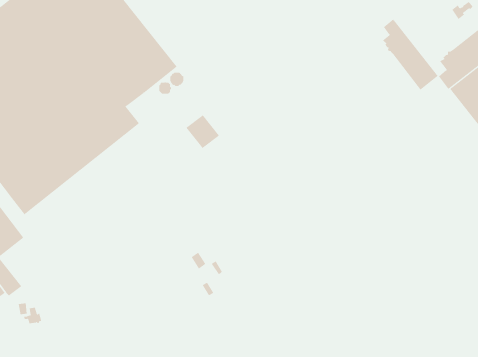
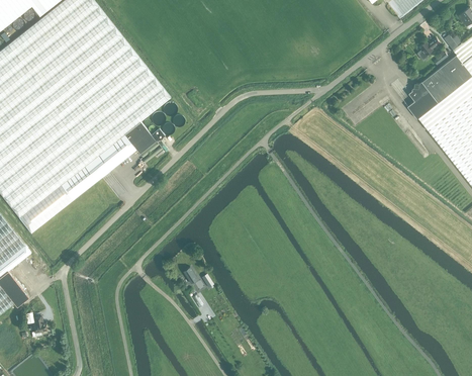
building: [382,19,438,91] -> none
building: [185,115,220,149] -> [124,121,156,153]

